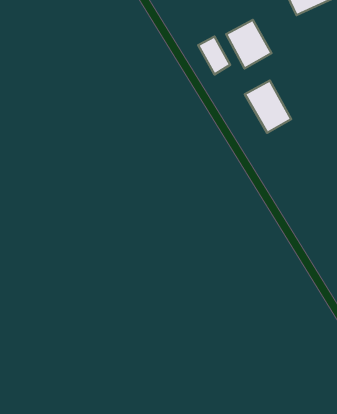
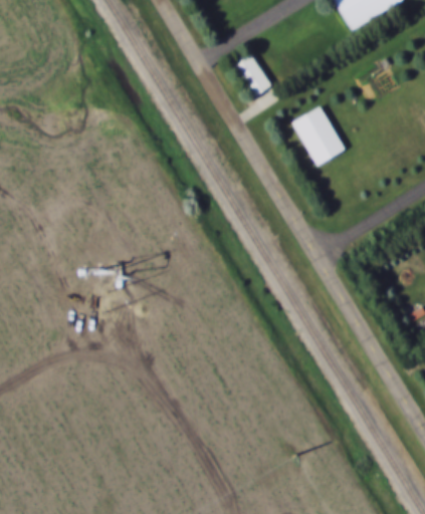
building: [226,20,271,69] -> none

